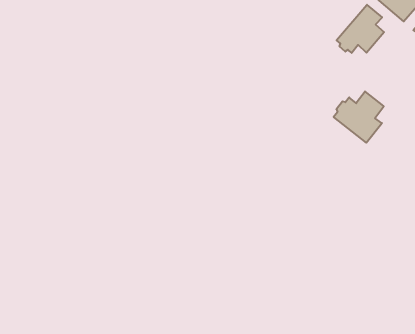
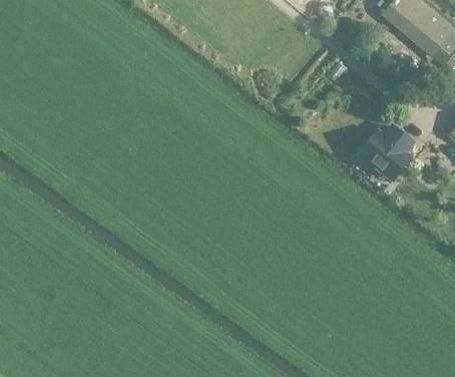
building: [337,5,384,53] -> none

